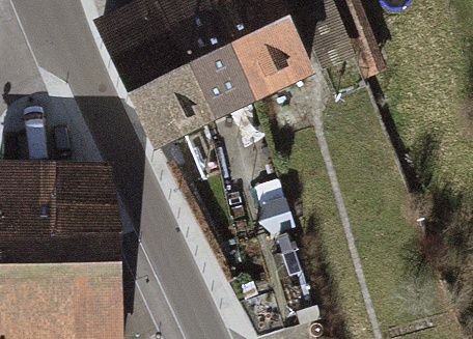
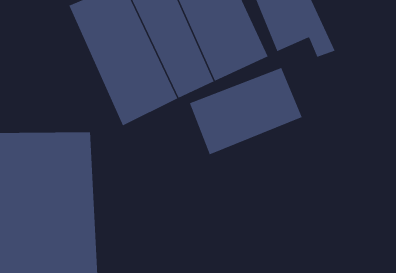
building: none -> [189,67,302,155]

